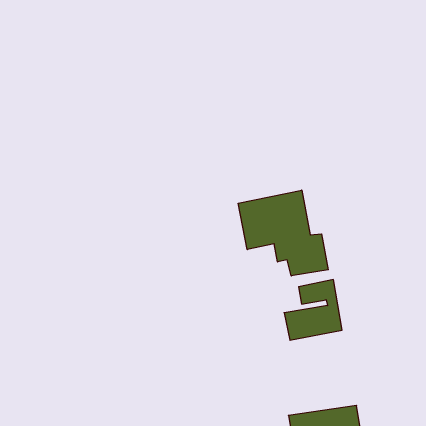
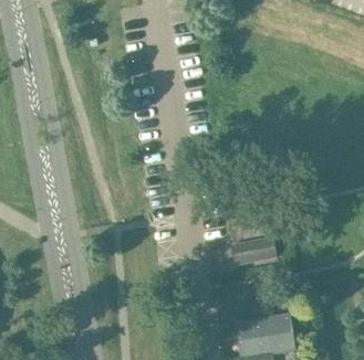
building: [238,190,328,276] -> none

